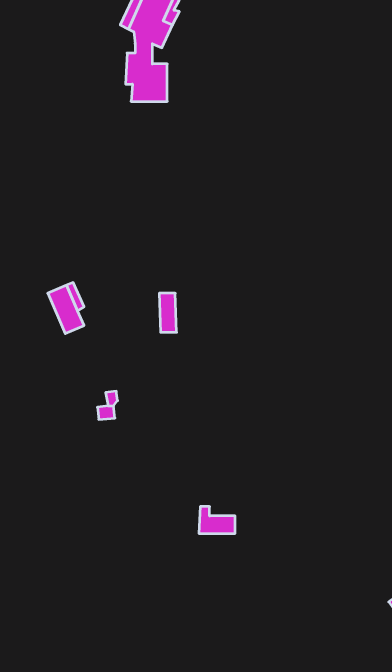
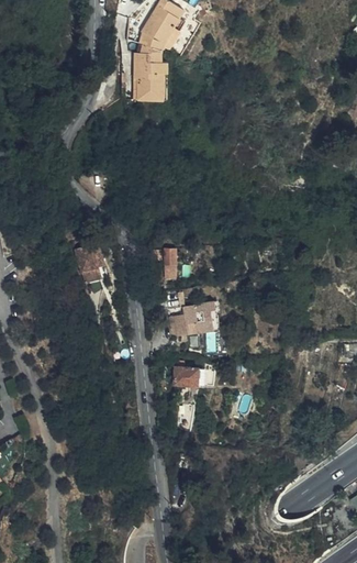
building: none -> [175,303,222,339]
building: [199,507,235,533] -> [177,366,207,388]

